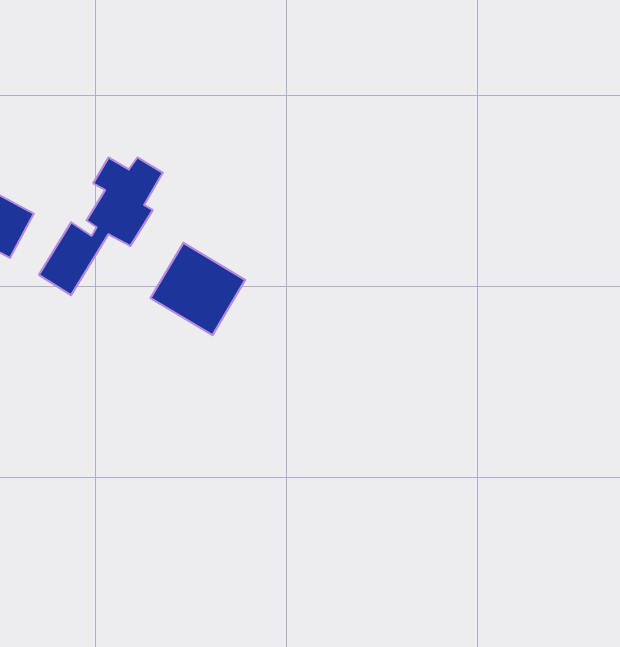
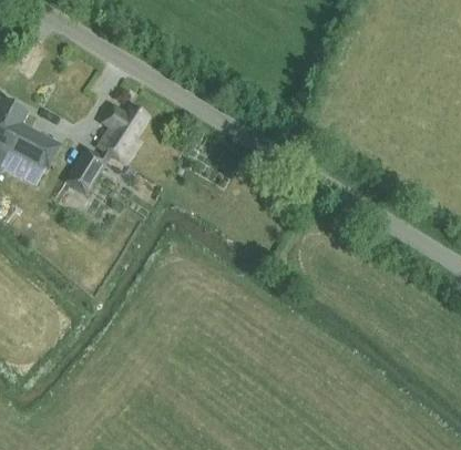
building: [151,243,245,335] -> none

